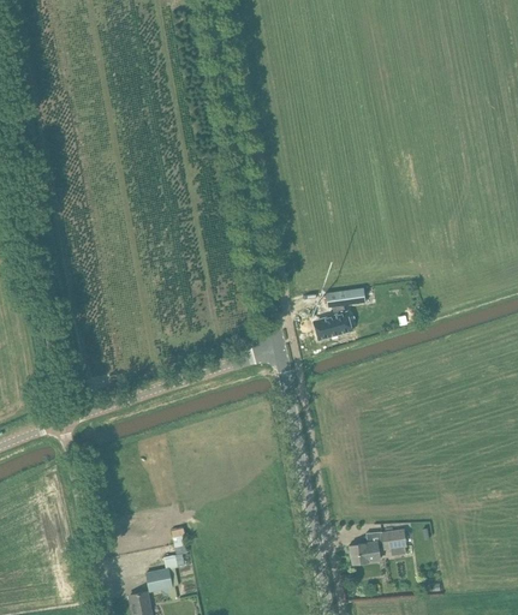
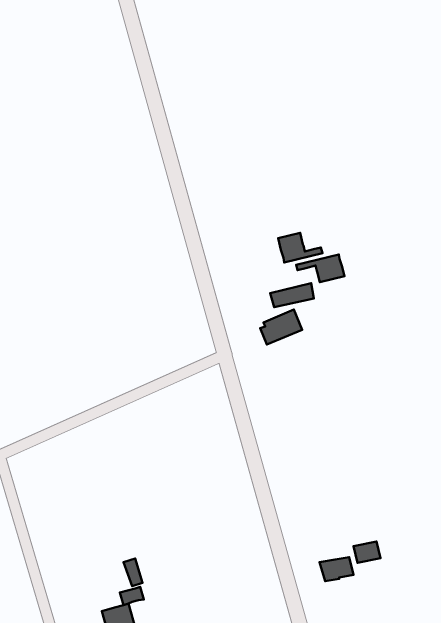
building: none -> [278,233,322,263]
building: none -> [296,254,344,282]

